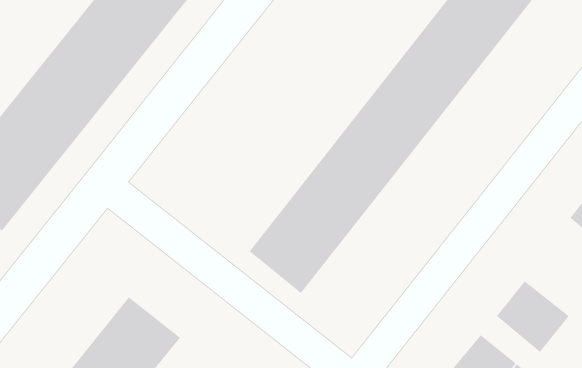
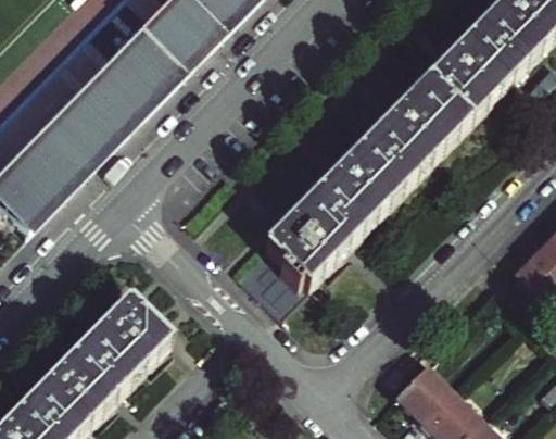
building: [496,281,570,353] -> none

